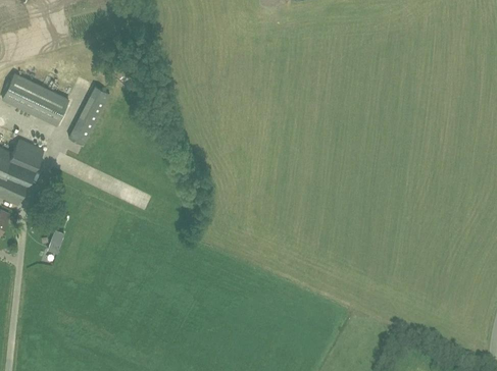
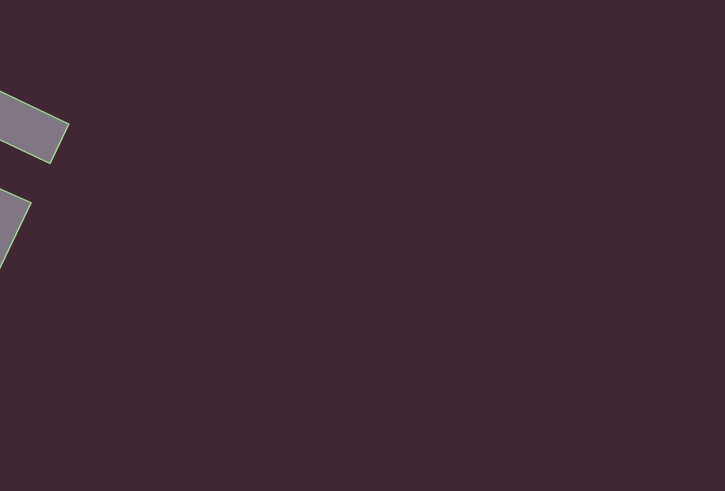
building: [71,86,112,145] -> none

